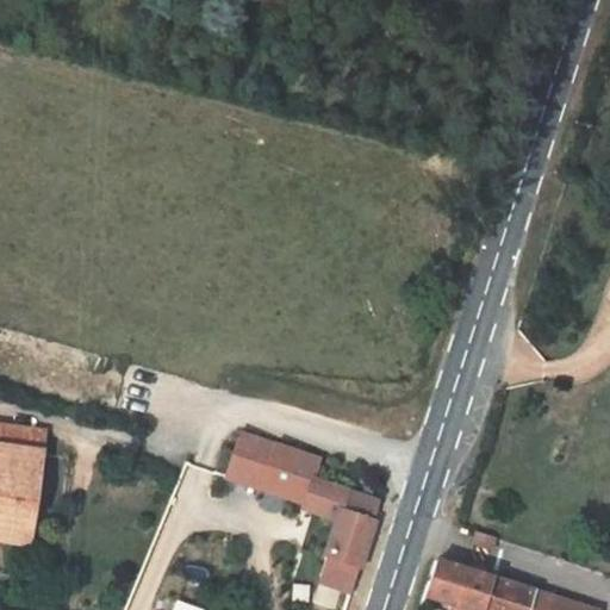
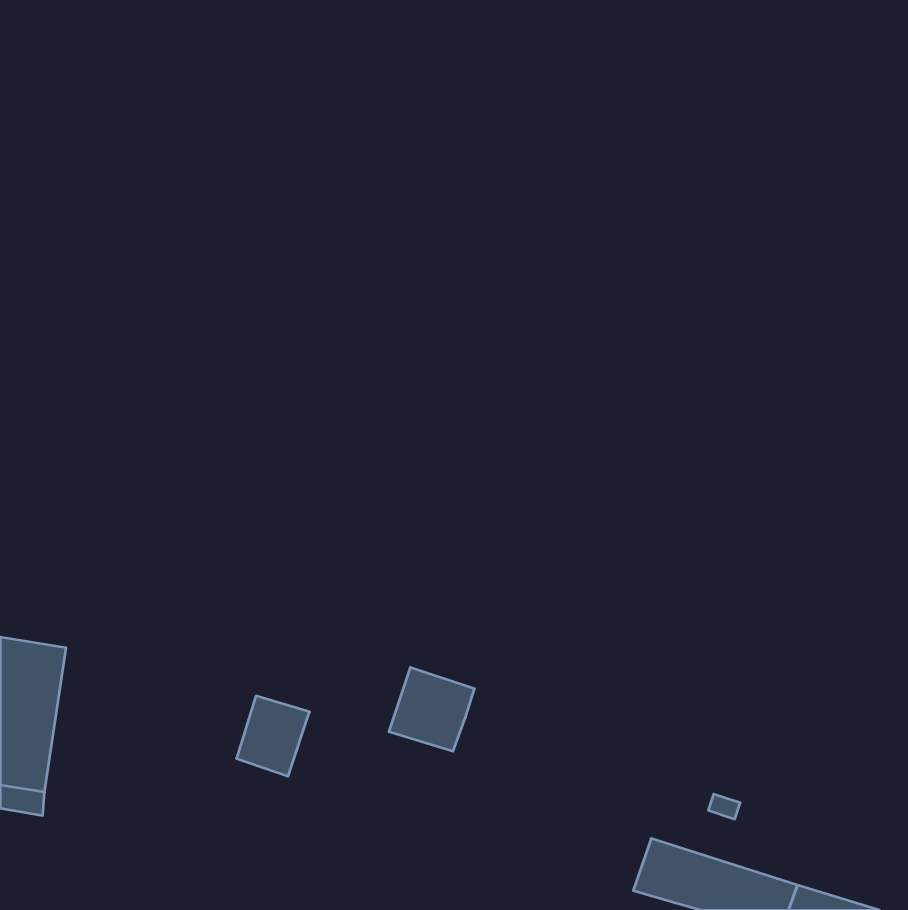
building: [228,435,276,488] -> [236,696,310,776]
building: [304,479,381,591] -> none

